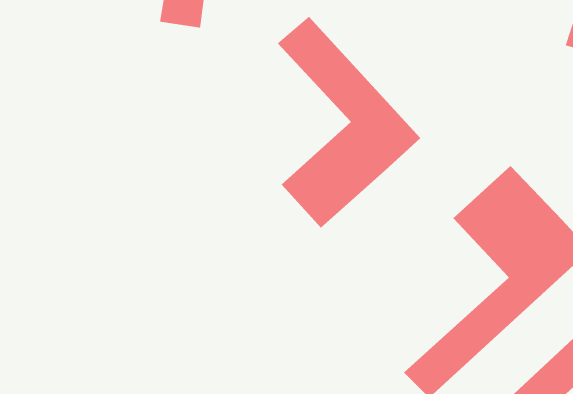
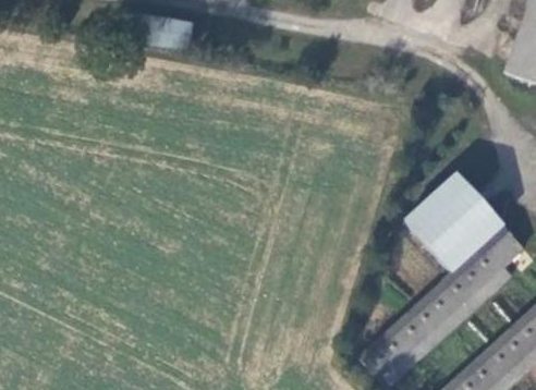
building: [277,16,421,228] -> none

